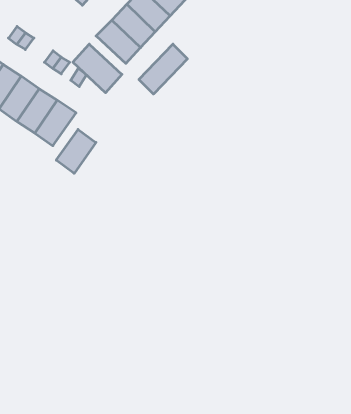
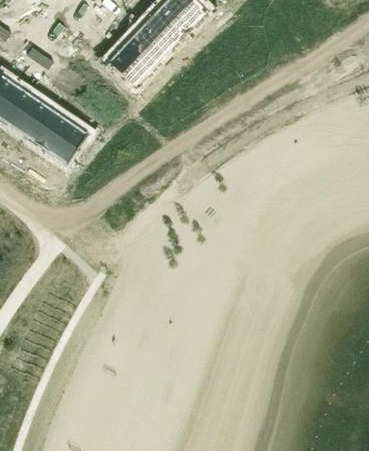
building: [73,44,122,93] -> none
building: [139,44,187,94] -> none
building: [56,129,96,173] -> none

